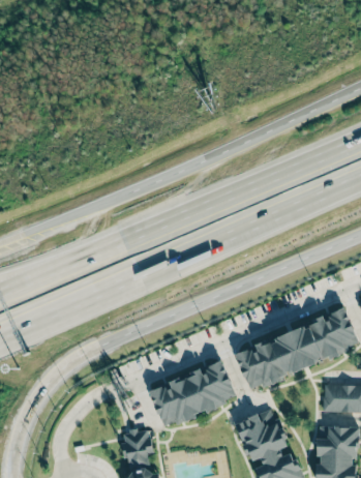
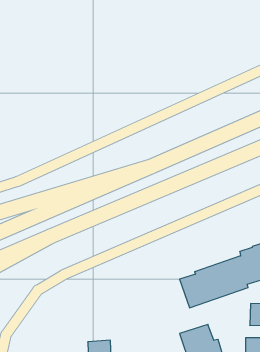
building: [150,360,237,426] -> none

